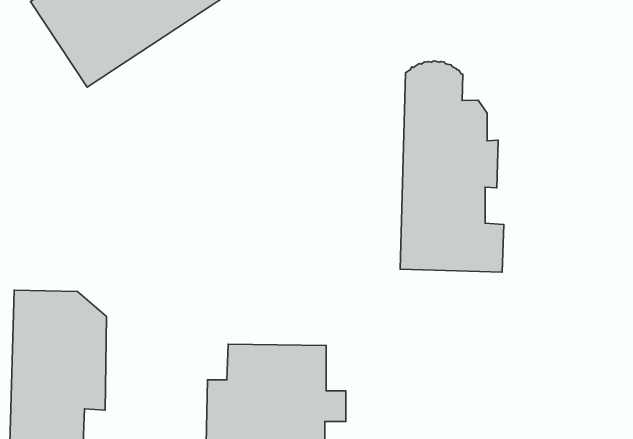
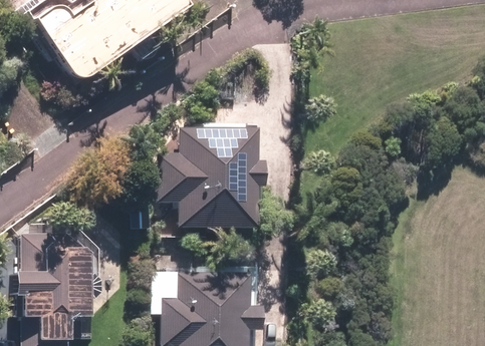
building: [400,61,504,272] -> none
building: none -> [158,125,265,229]

